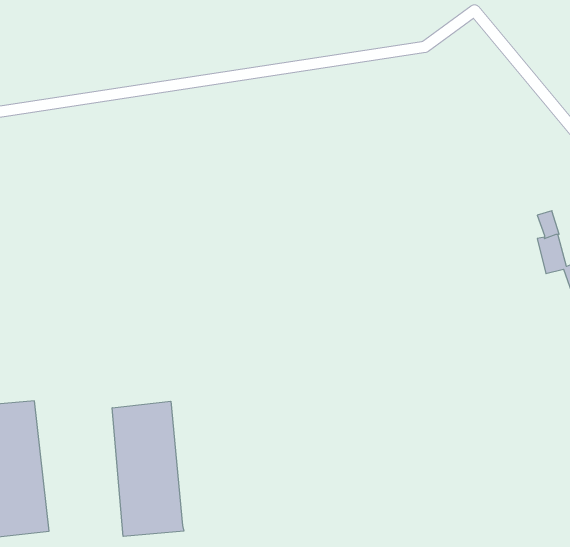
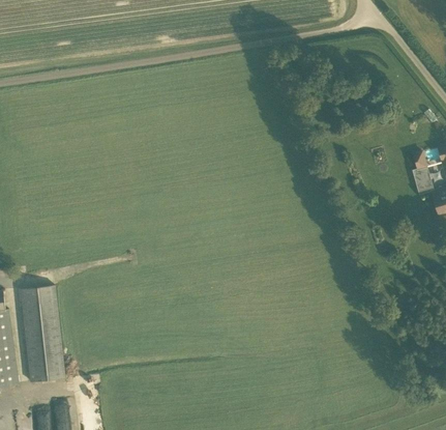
building: [112,401,184,536] -> none

